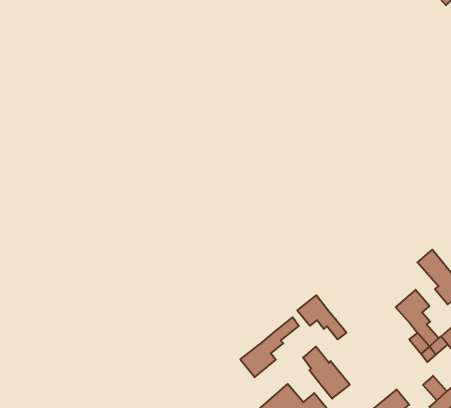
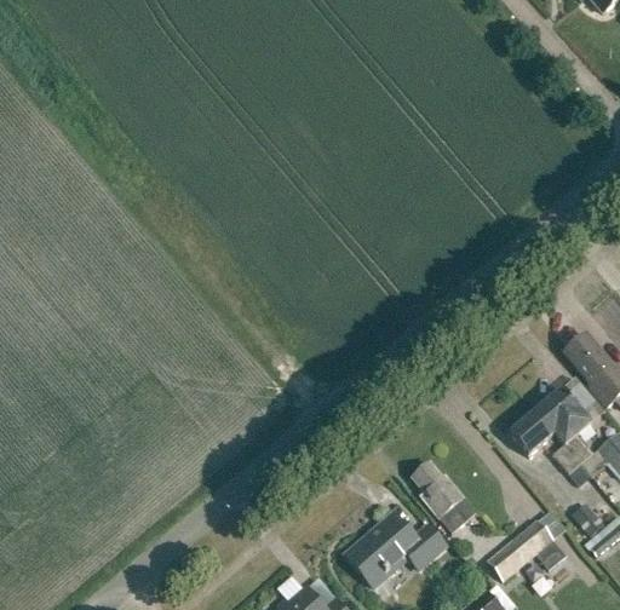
building: [297,295,346,339] -> none
building: none -> [510,412,556,455]
building: [240,317,299,377] -> none

